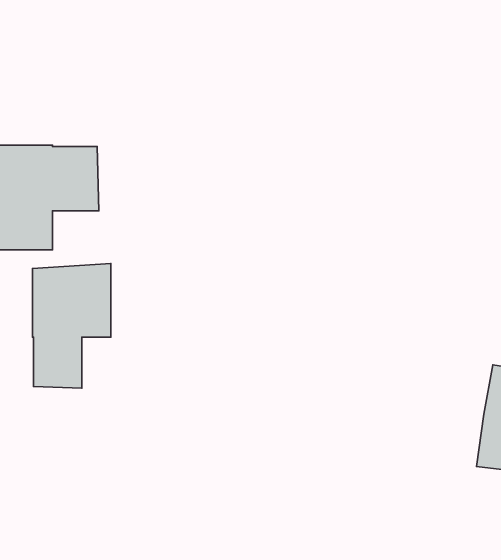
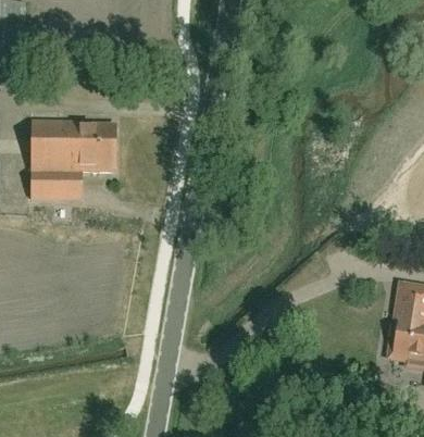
building: [32,264,111,388] -> none

